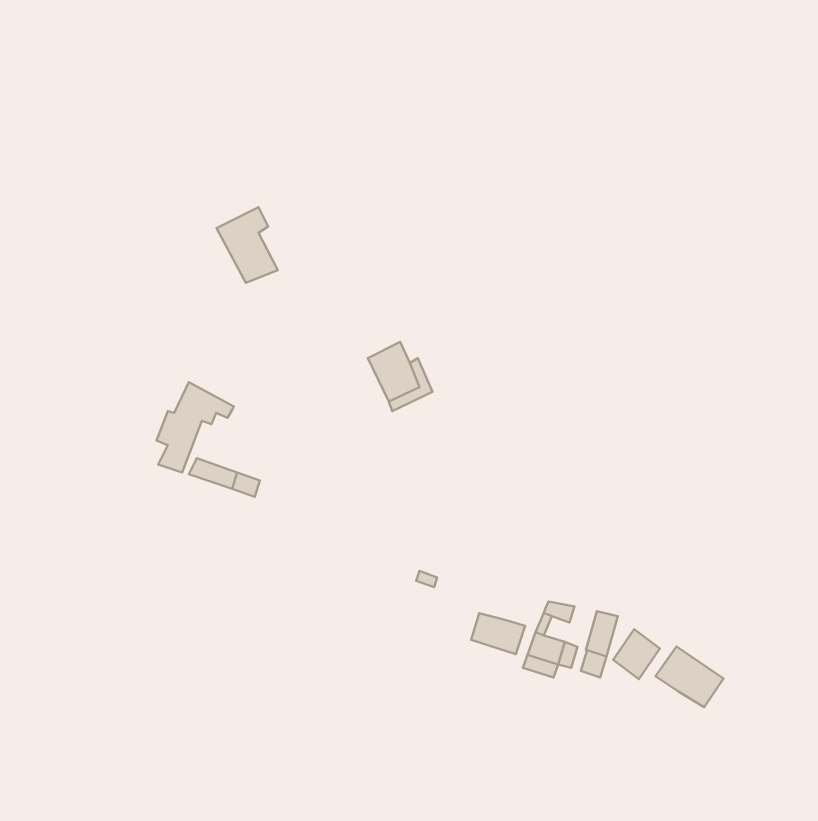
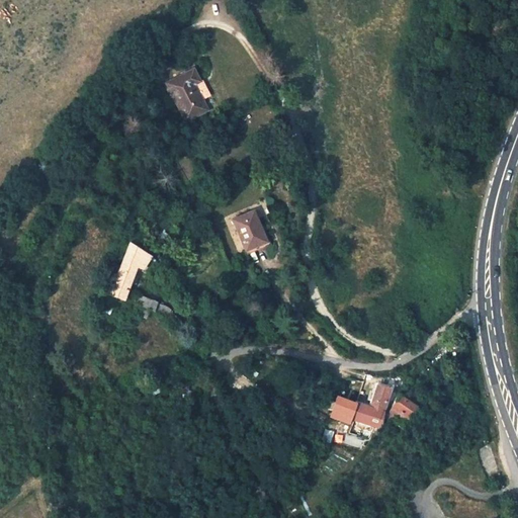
building: [217,207,278,283] -> [170,70,208,117]
building: [471,613,525,654] -> none
building: [655,647,723,707] -> none

